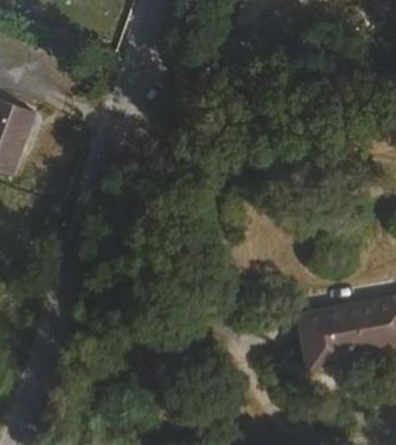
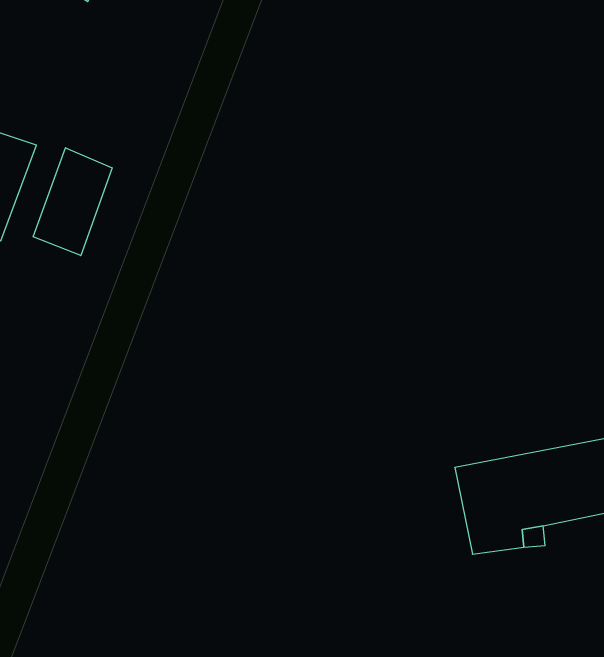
building: none -> [33,148,112,256]

